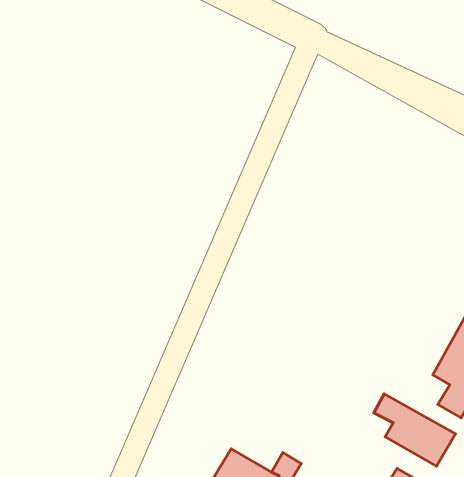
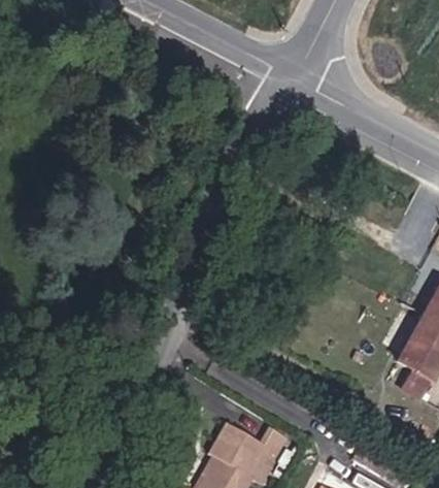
building: [374,394,455,466] -> none

